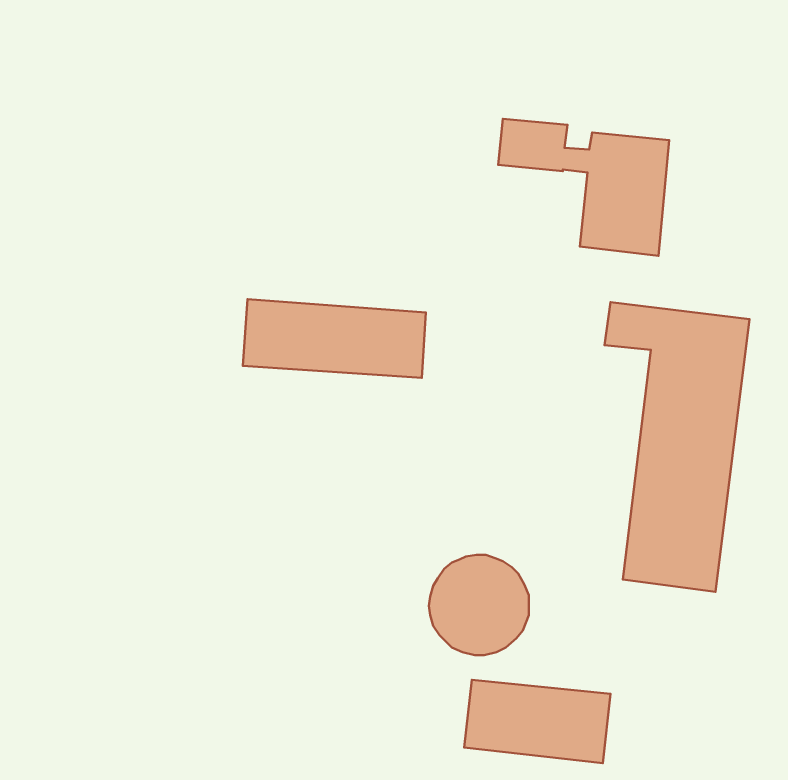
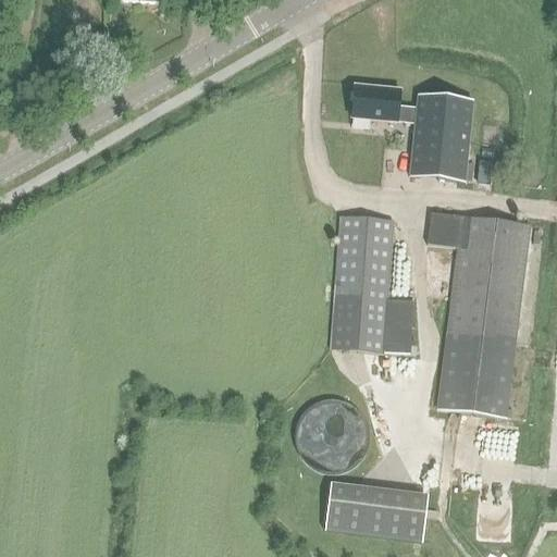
building: [243,299,426,378] -> none
building: none -> [332,216,418,355]

